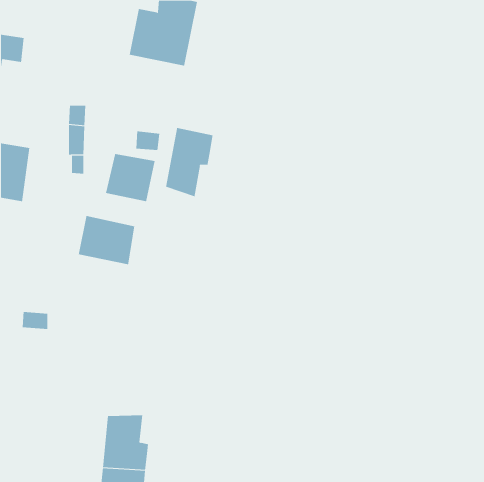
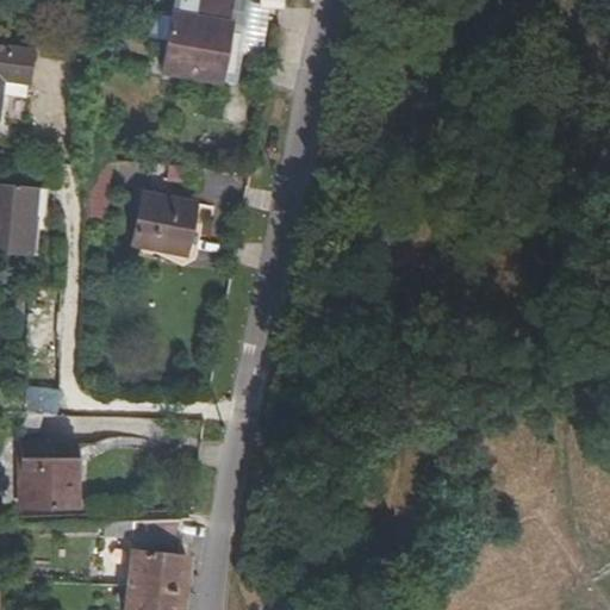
building: [166,127,213,197] -> none
building: [78,215,135,265] -> none
building: none -> [23,446,79,510]

